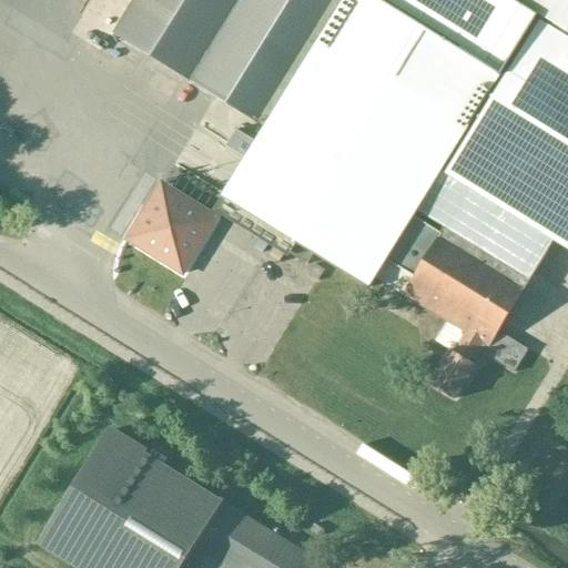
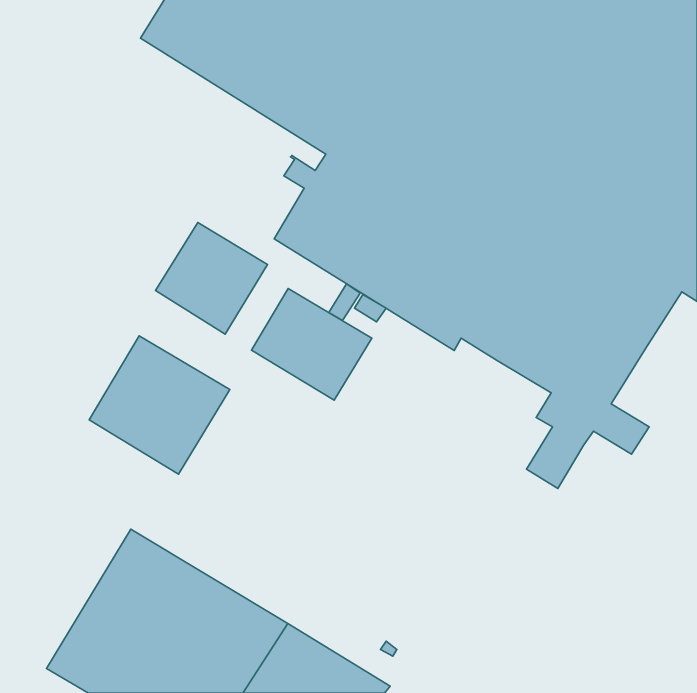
building: none -> [252,288,372,400]
building: none -> [89,336,230,474]

